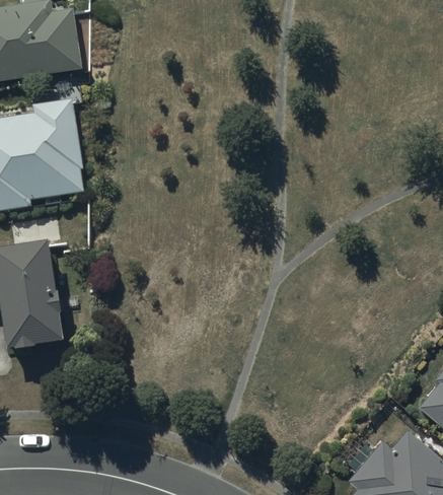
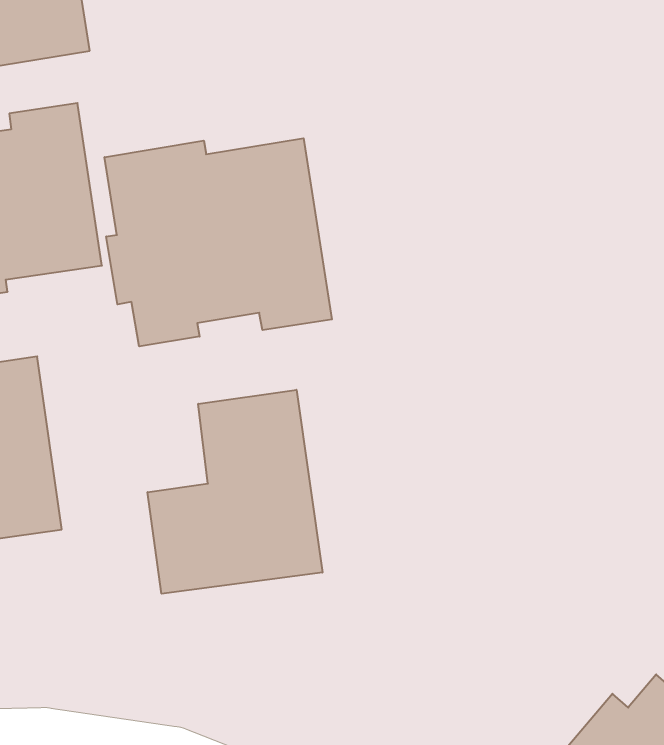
building: none -> [105,138,332,346]
building: none -> [148,390,322,594]

